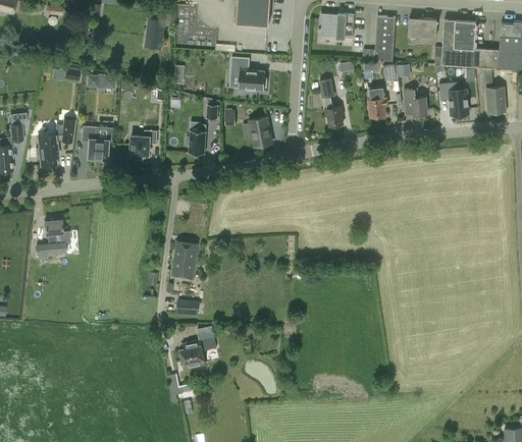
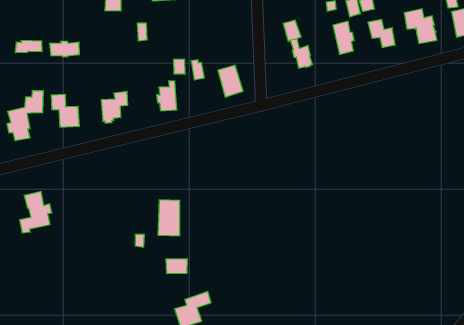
building: [231,57,267,91] -> none

